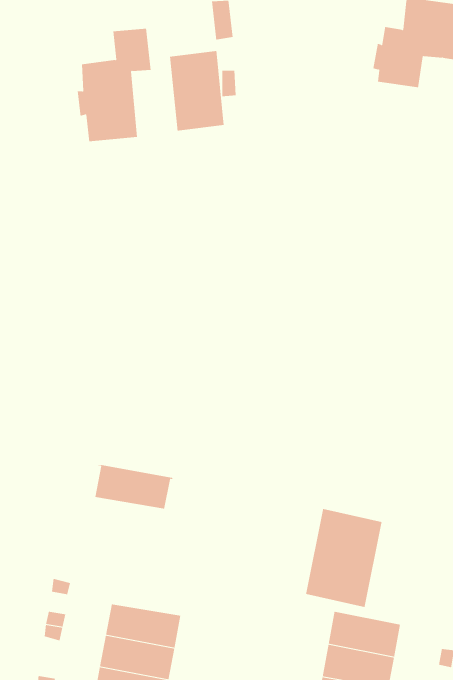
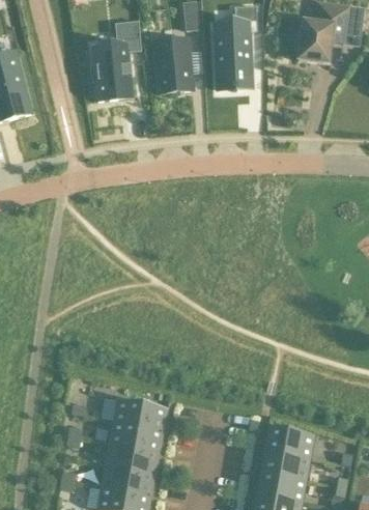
building: none -> [218,6,260,87]
building: [94,464,174,509] -> [114,397,169,428]
building: [306,508,382,608] -> none

